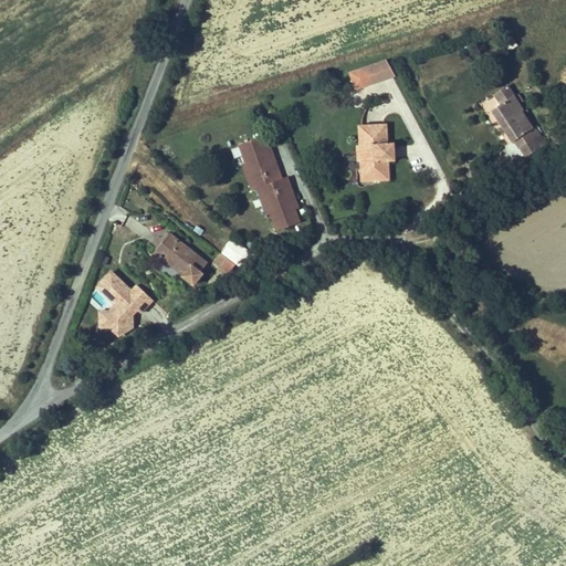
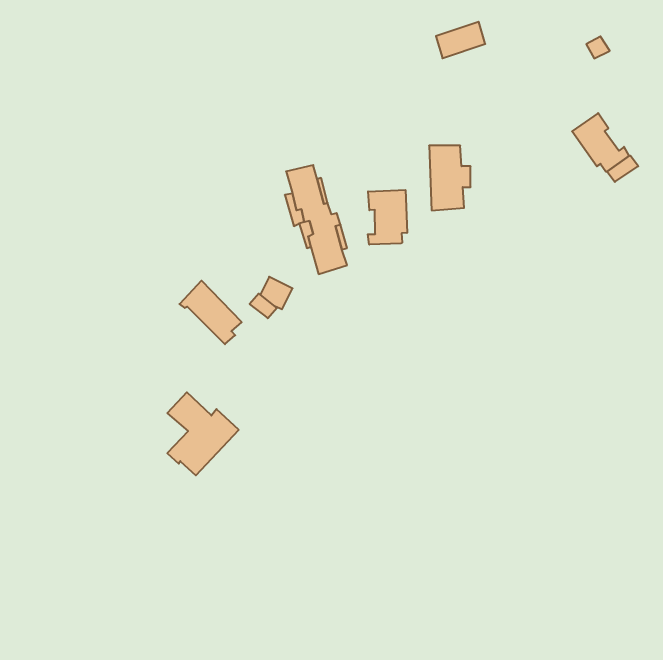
building: [353,55,395,86] -> [436,22,485,58]
building: none -> [368,190,407,245]
building: [95,265,156,336] -> [167,392,239,475]

